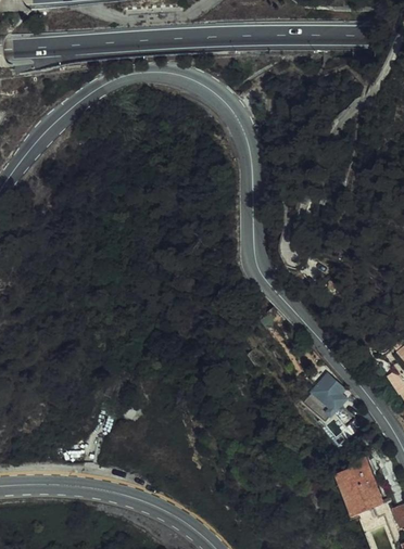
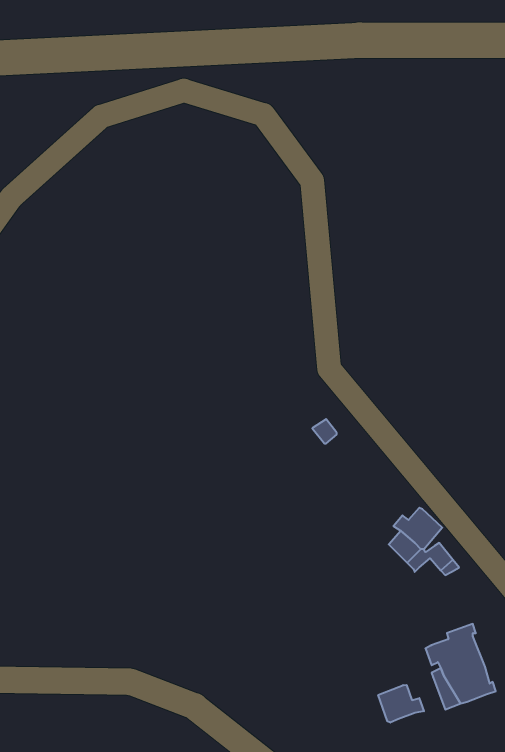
building: none -> [378,685,424,723]

